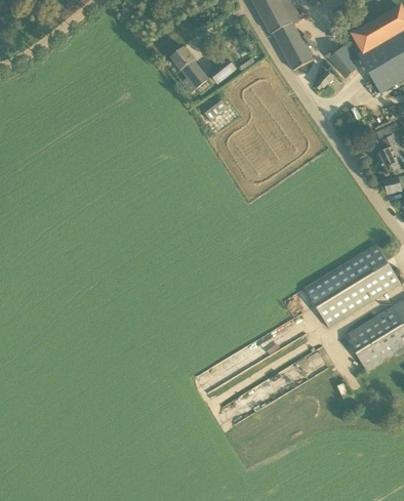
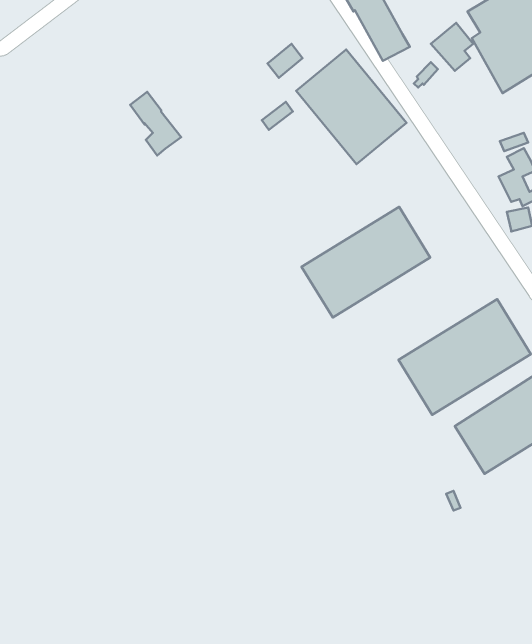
building: [171,46,208,92] -> [130,92,181,155]
building: none -> [296,49,407,164]
building: none -> [302,207,430,318]

